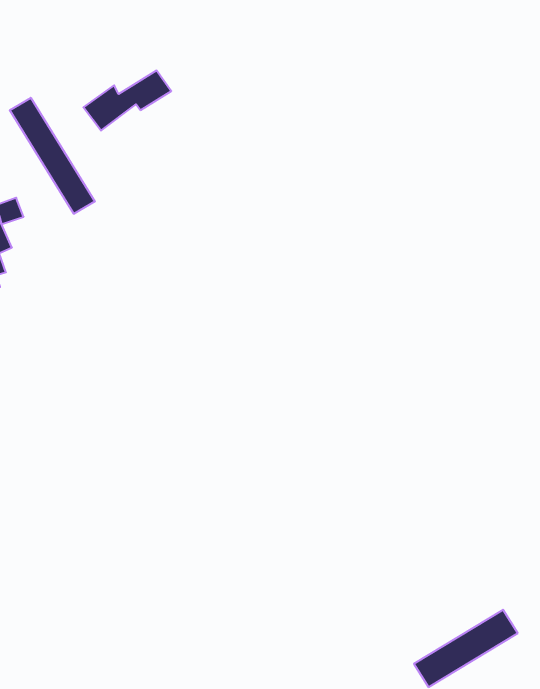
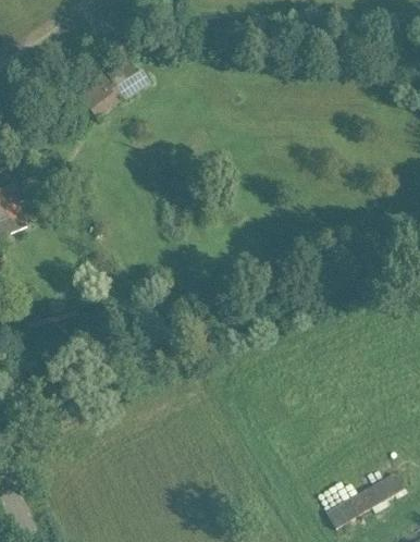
building: [10,98,95,214] -> none

